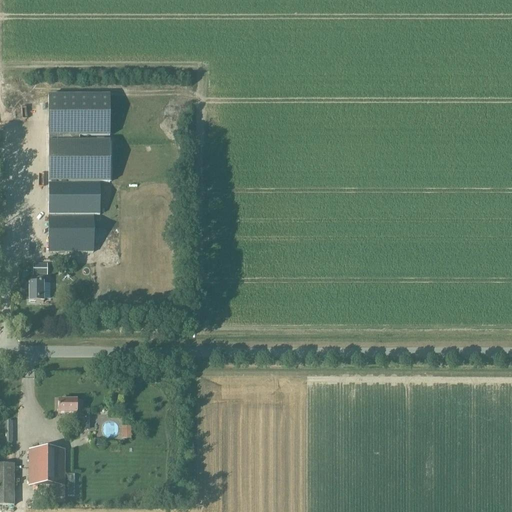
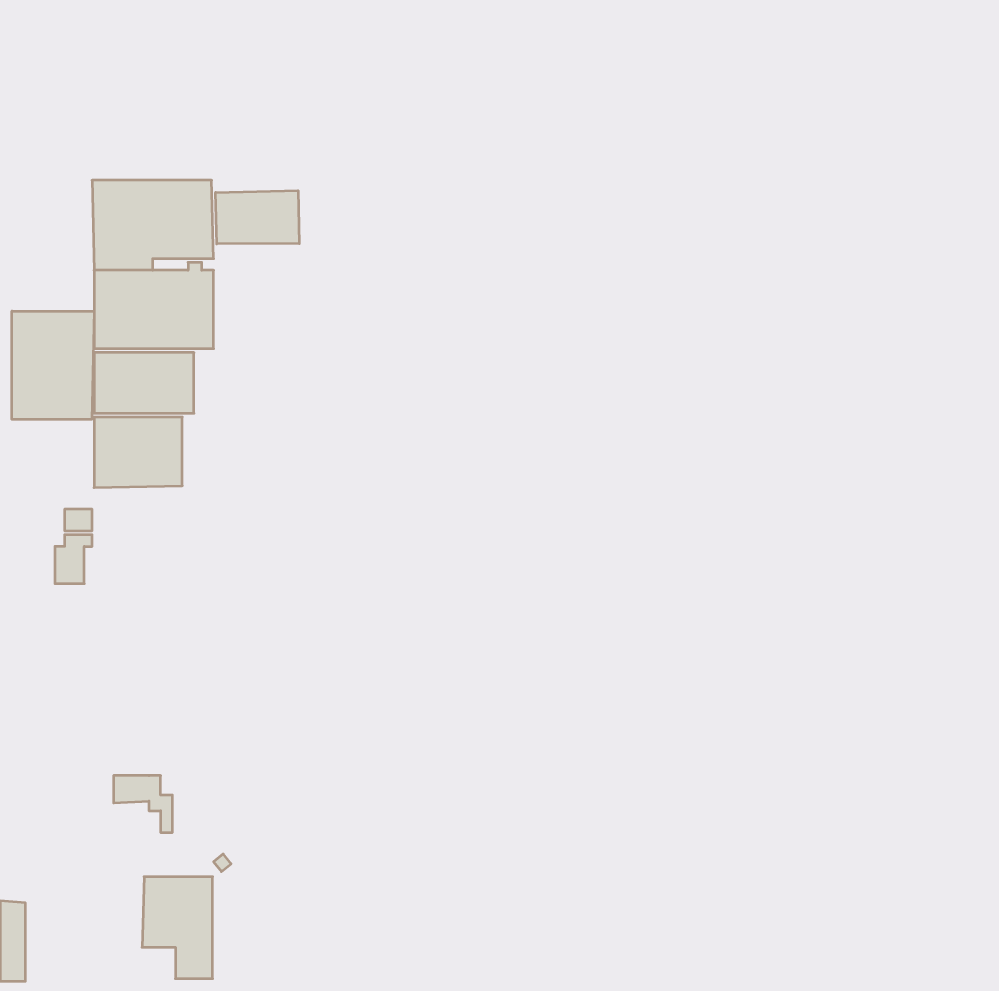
building: none -> [216,191,299,244]
building: none -> [12,311,94,419]
building: [29,446,65,498] -> [142,877,213,979]

